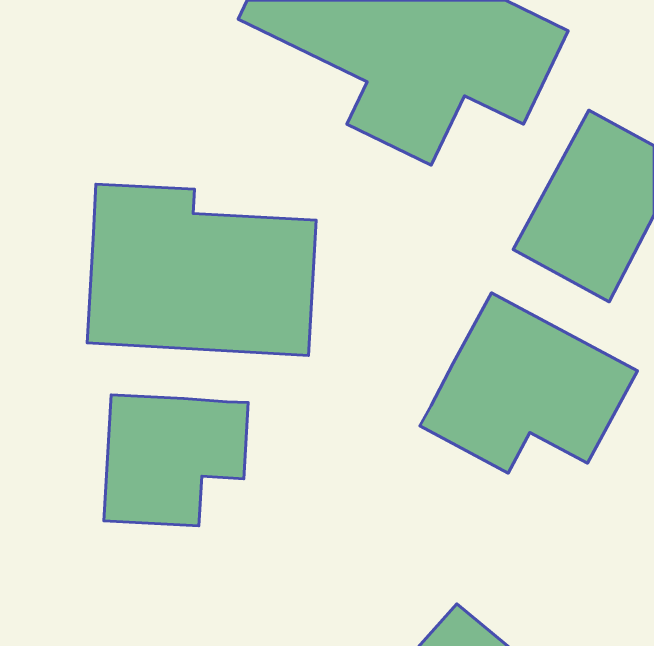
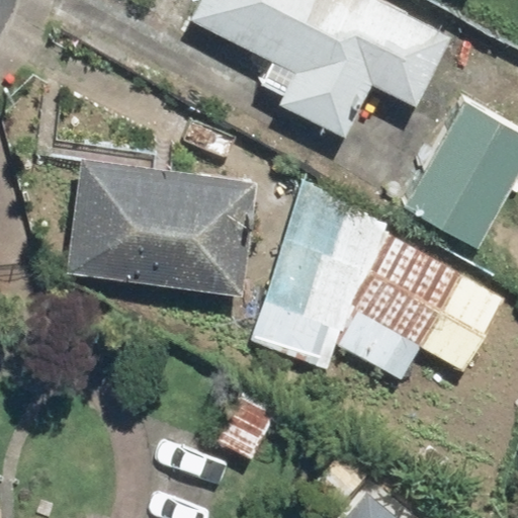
building: none -> [266,197,388,327]
building: [104,395,248,526] -> none

